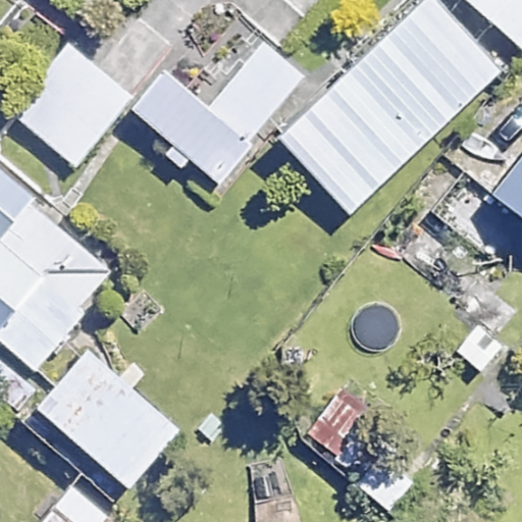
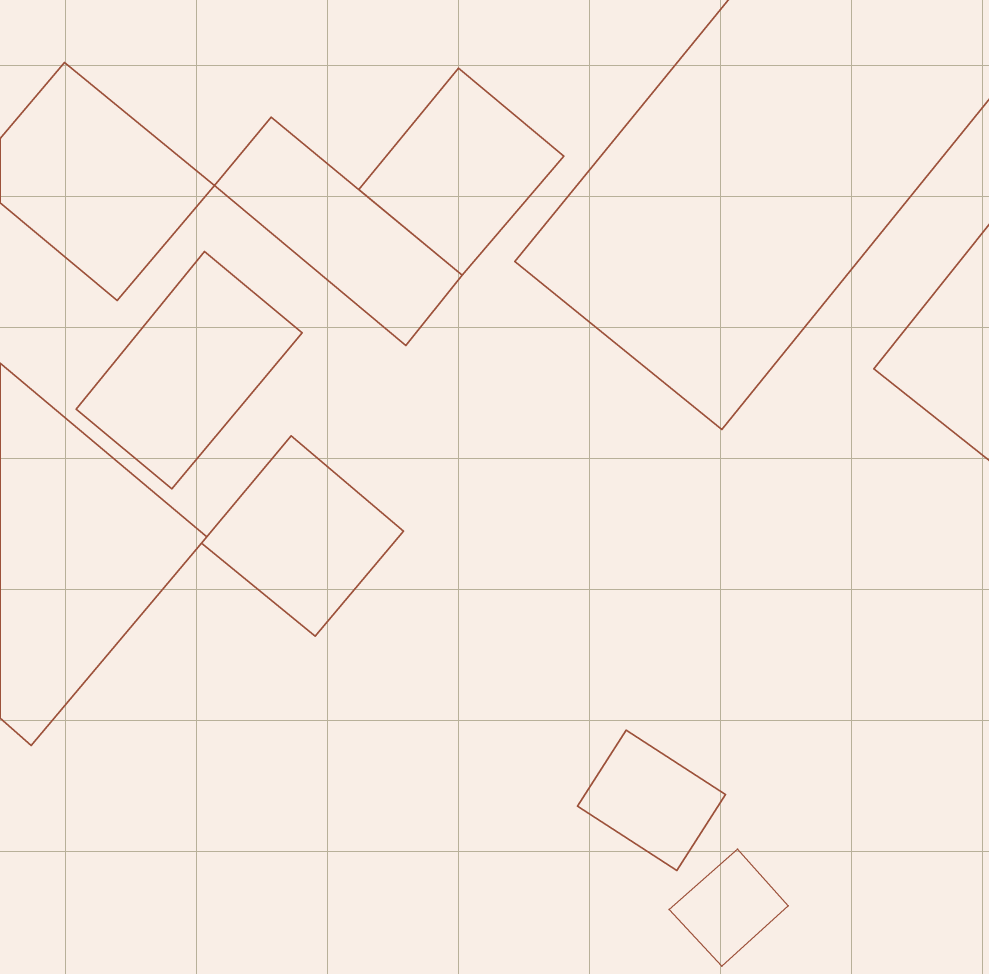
building: none -> [76,252,302,489]
building: none -> [201,436,403,636]
building: [31,345,189,498] -> none

